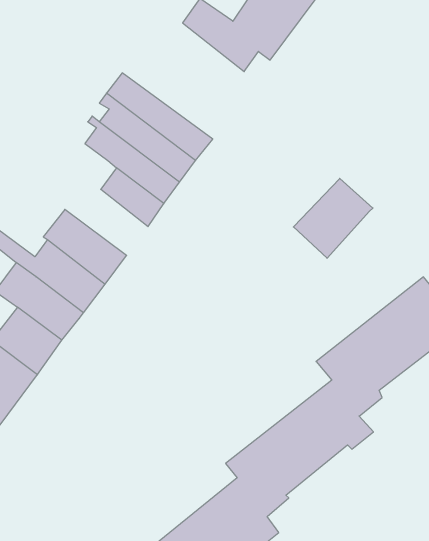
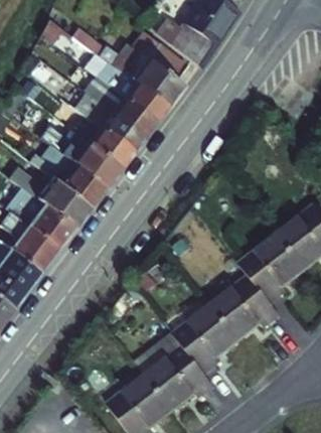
building: none -> [100,29,186,107]
building: none -> [37,125,120,188]
building: [293,178,373,258] -> none

